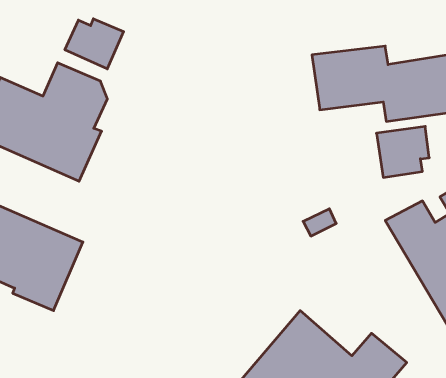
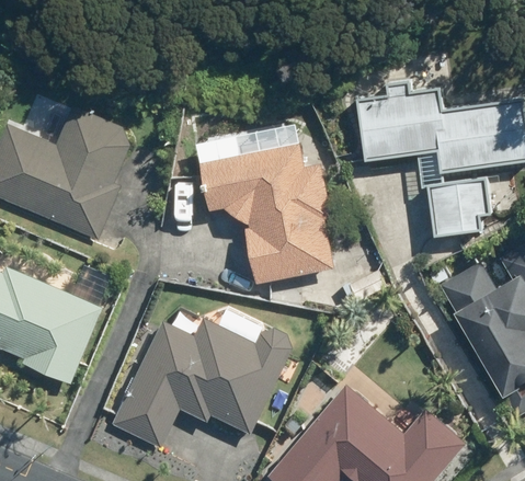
building: [65,19,124,69] -> none
building: none -> [199,142,333,285]
building: none -> [113,319,290,447]

